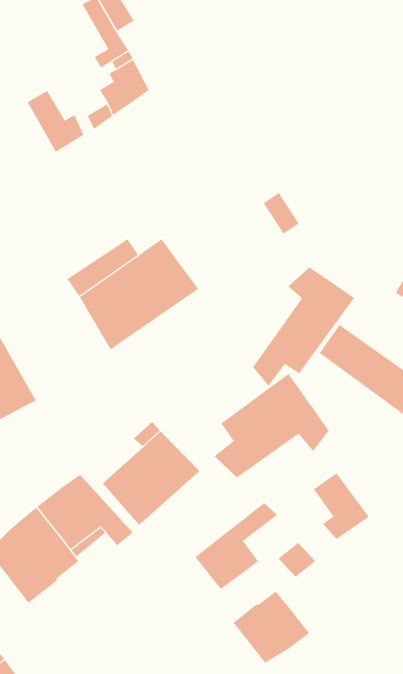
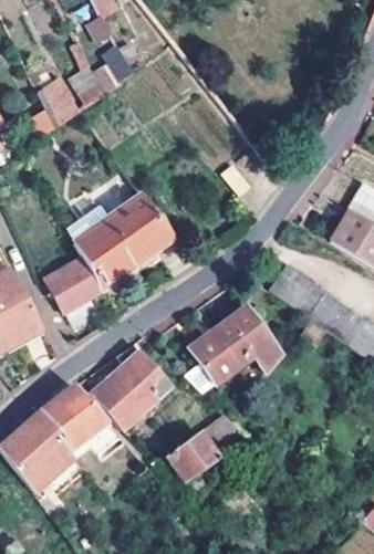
building: [253,267,355,386] -> none
building: none -> [44,257,101,312]
building: [313,473,369,540] -> none
building: [233,591,310,664] -> none

